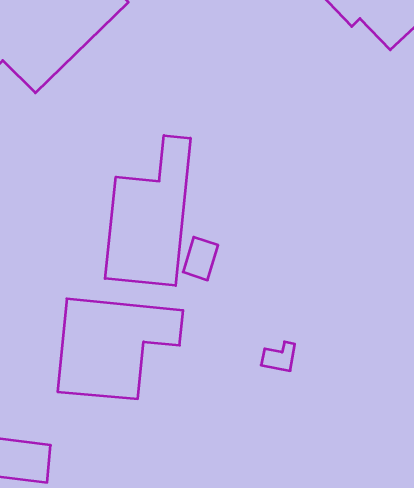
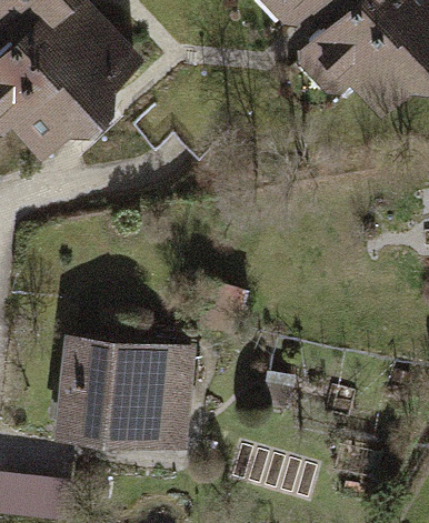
building: [105,135,190,286] -> none

